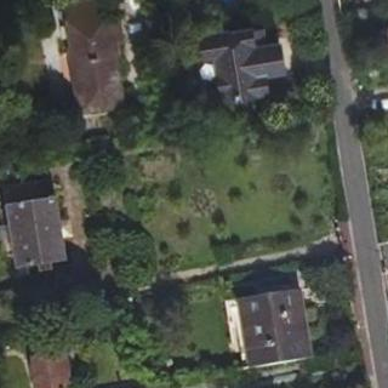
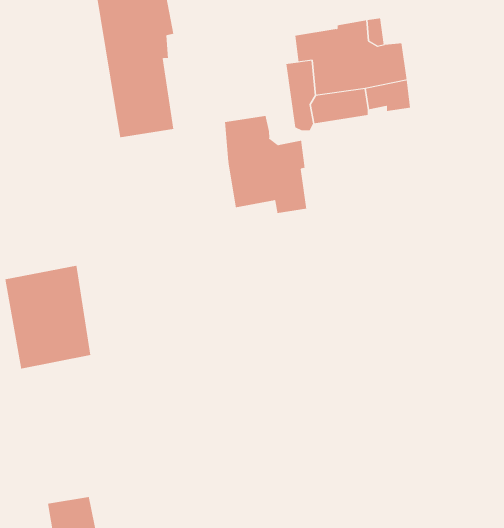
building: none -> [224,115,307,214]
building: [241,290,313,370] -> none

